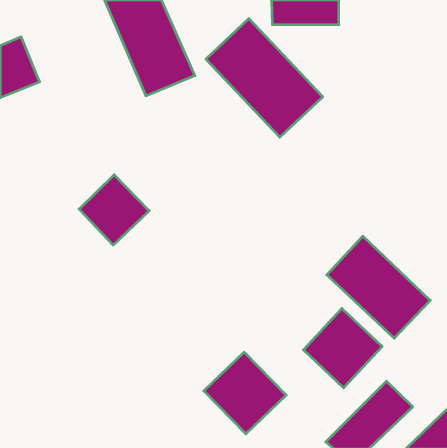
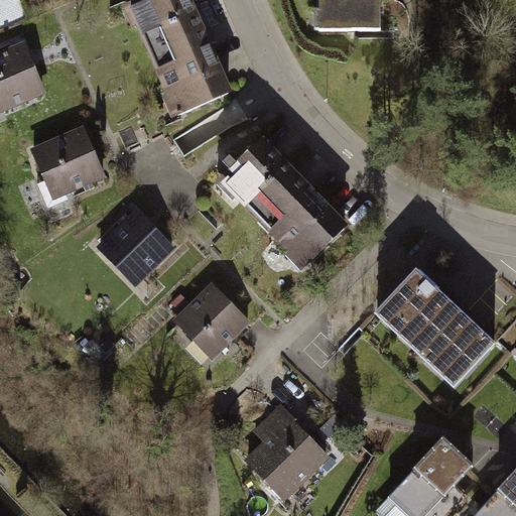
building: [206,19,323,137] -> [218,136,352,272]
building: none -> [29,125,104,197]
building: none -> [175,280,249,355]
building: [303,308,382,388] -> none

